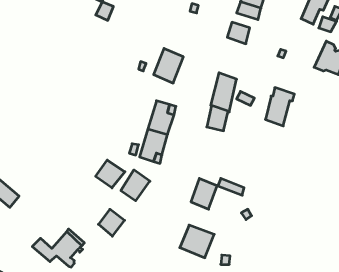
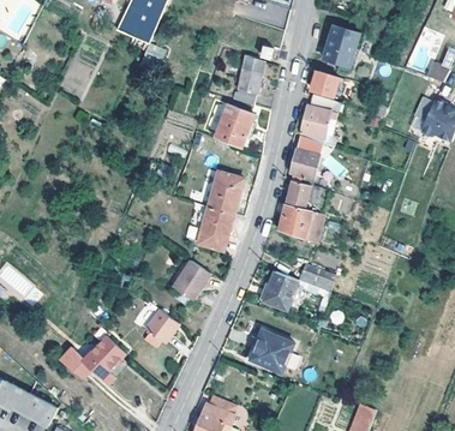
building: none -> [237,56,264,107]
building: [265,88,294,126] -> [299,94,336,143]
building: none -> [276,204,323,243]
building: [96,160,125,188] -> none

